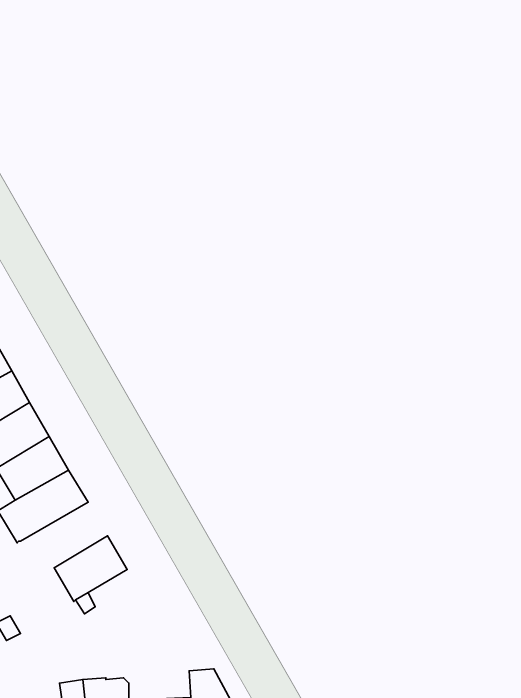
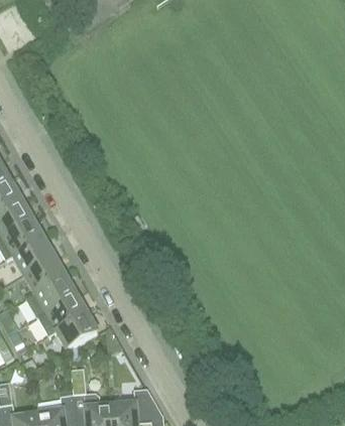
building: none -> [37,292,87,333]

